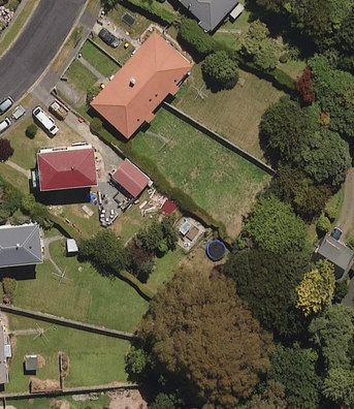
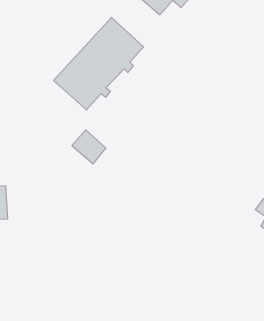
building: [36,144,95,186] -> none

